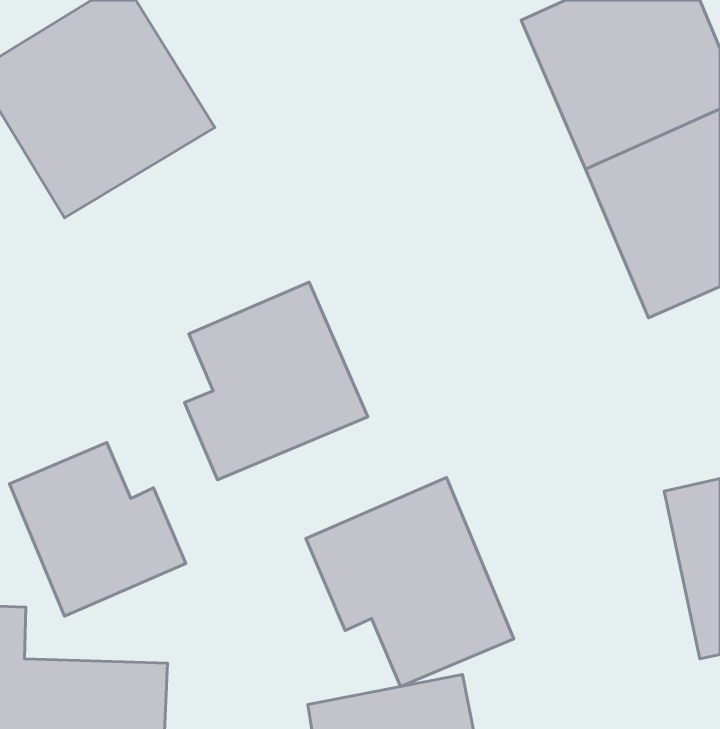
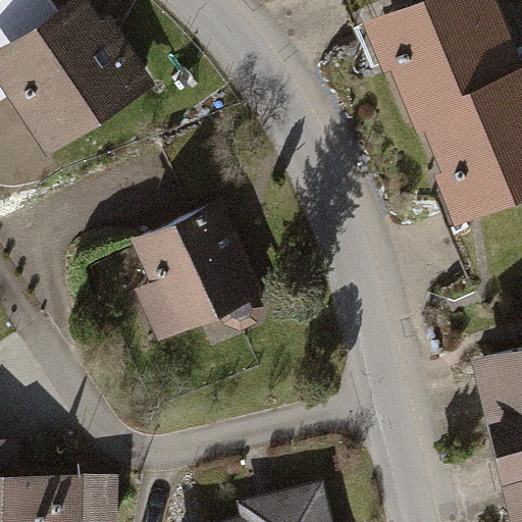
building: [9,442,186,616] -> none
building: [306,477,514,687] -> none

